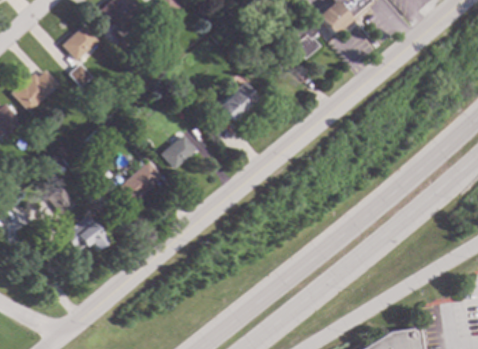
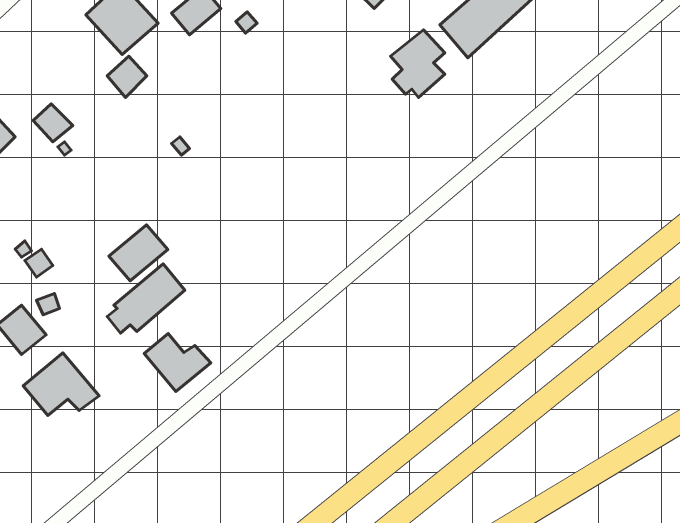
building: [62,24,102,61] -> none
building: [208,81,259,127] -> none
building: [160,135,196,169] -> [109,225,168,281]
building: none -> [144,334,211,391]

